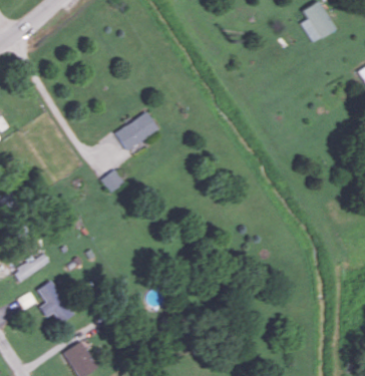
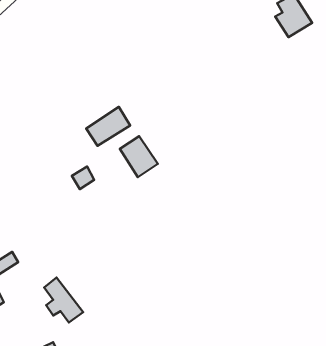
building: none -> [120,136,158,177]
building: [37,280,75,324] -> [44,277,83,323]

